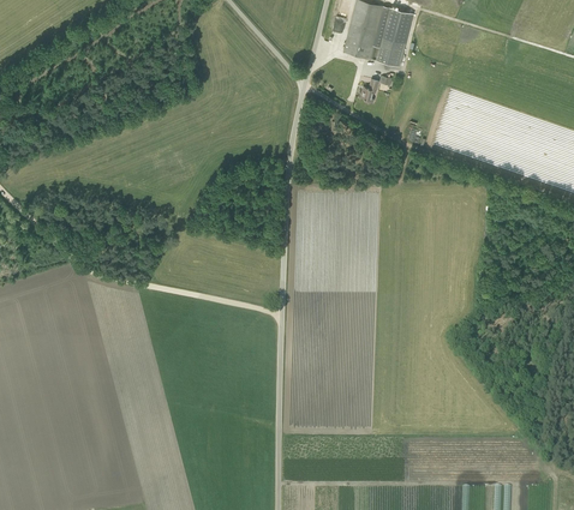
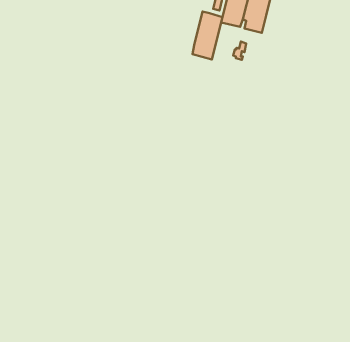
building: none -> [193,11,222,59]

